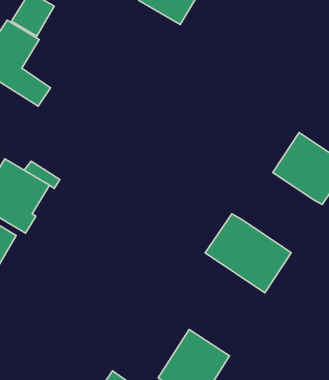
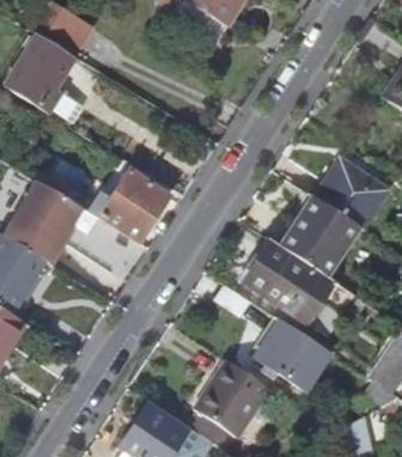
building: none -> [98,169,168,240]
building: none -> [281,194,357,274]
building: none -> [257,319,329,388]

